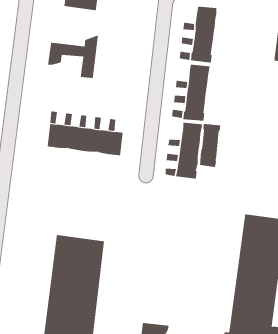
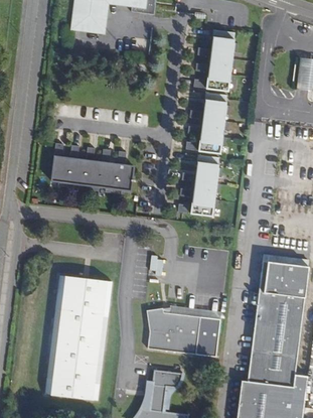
building: [47,34,99,79] -> none
building: [200,123,221,168] -> none
building: none -> [146,308,219,357]

